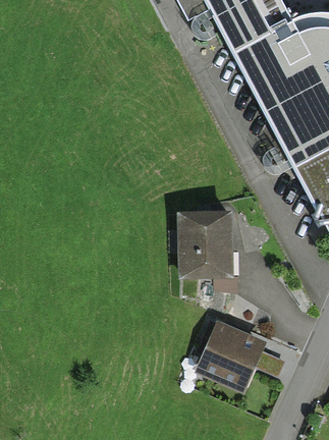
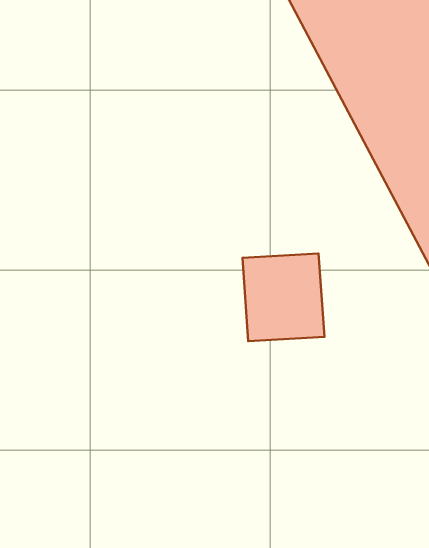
building: [203,322,271,389] -> none

